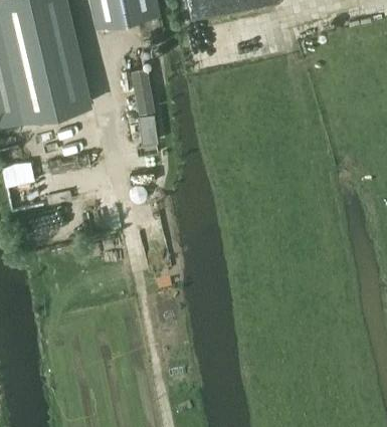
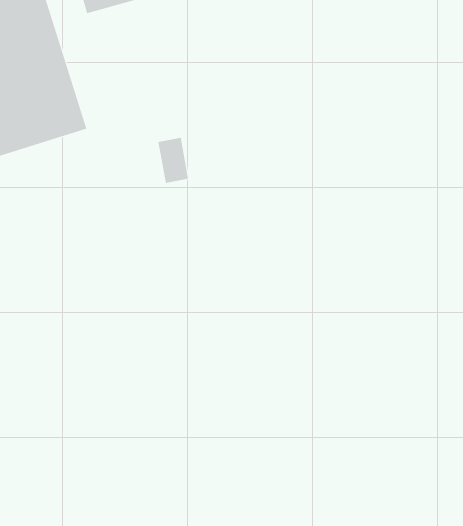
building: [132,72,154,118] -> none

